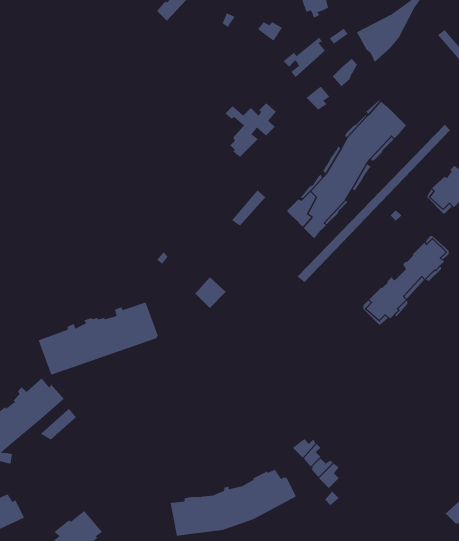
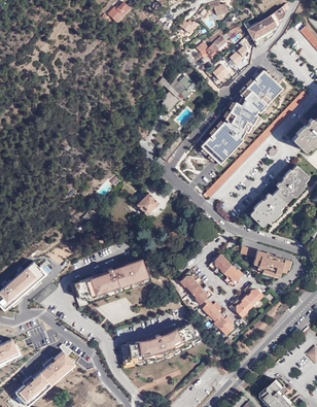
building: [38,302,158,375] -> [71,259,152,308]
building: none -> [240,246,290,276]
building: none -> [208,255,243,287]
building: none -> [179,270,213,305]
building: none -> [228,283,262,317]

